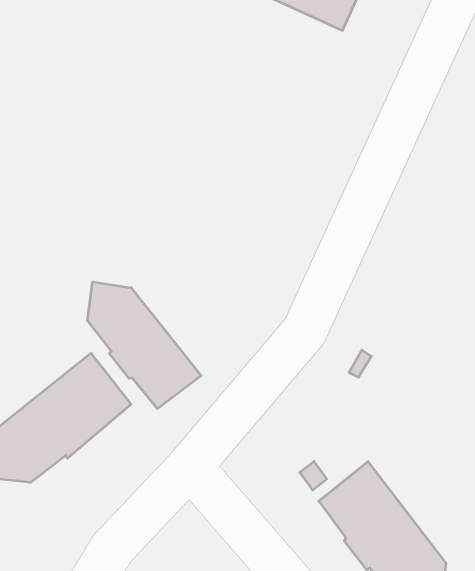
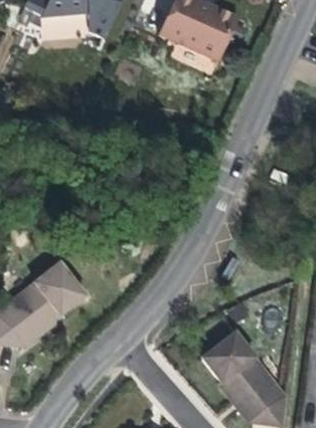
building: [87,282,201,409] -> none

